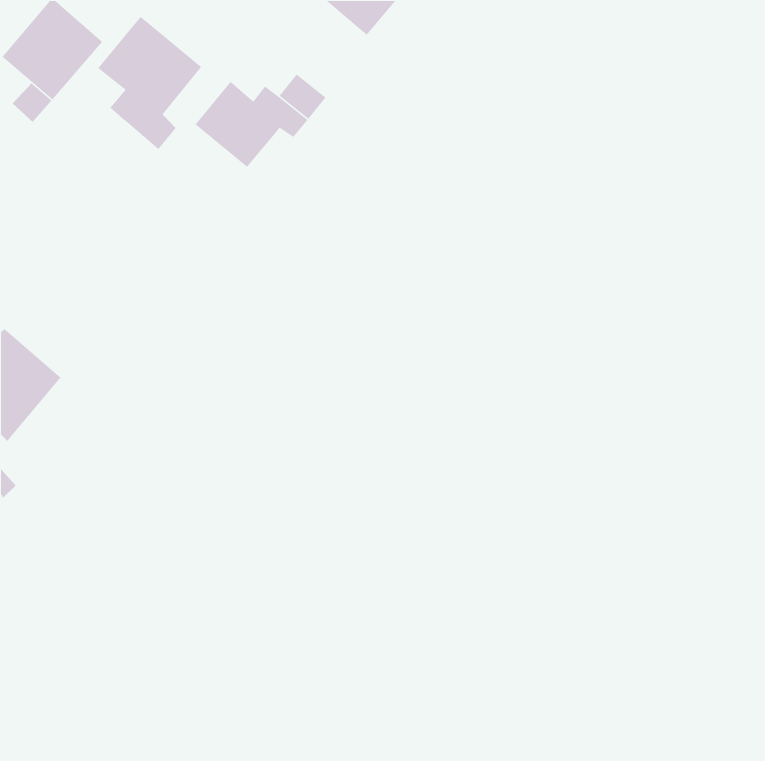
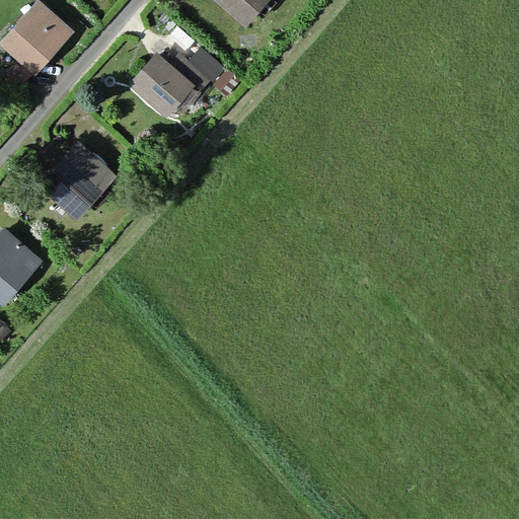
building: [97,16,202,150] -> none
building: none -> [40,139,116,215]

